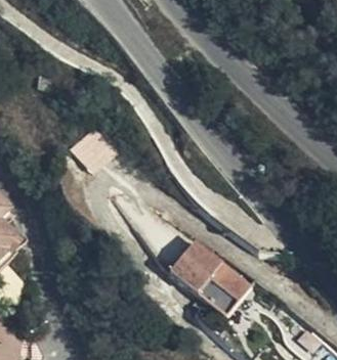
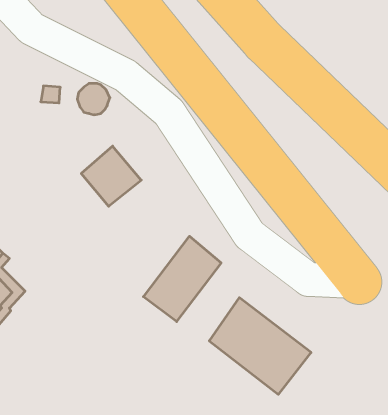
building: none -> [143,236,221,322]

